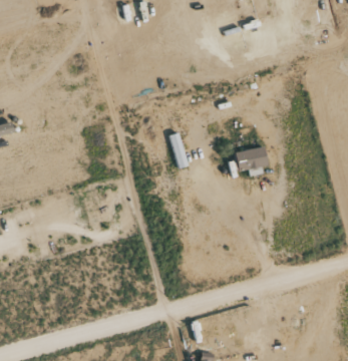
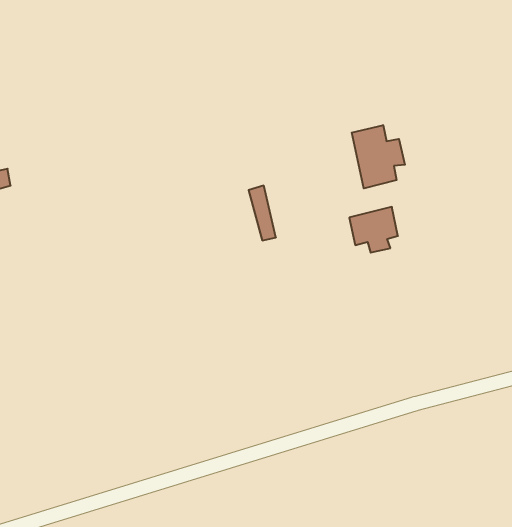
building: none -> [352,125,405,188]

